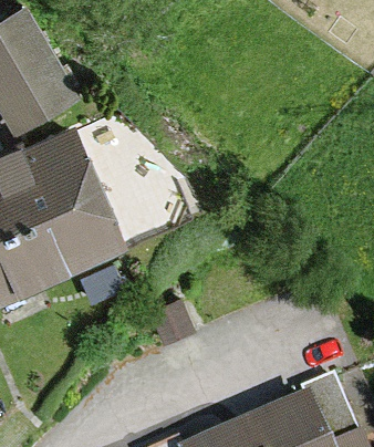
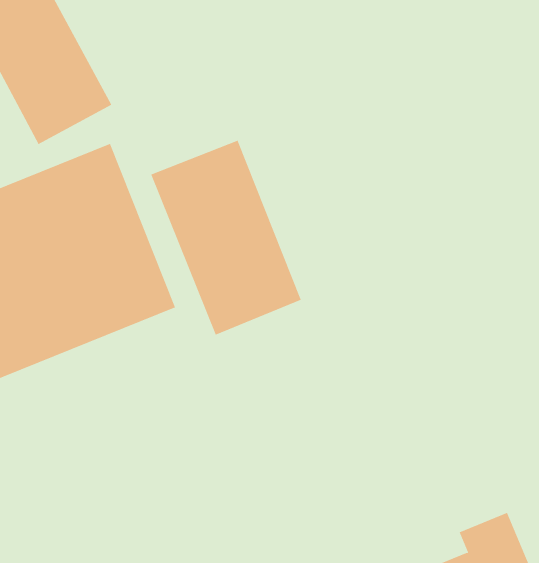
building: none -> [151,140,301,336]

